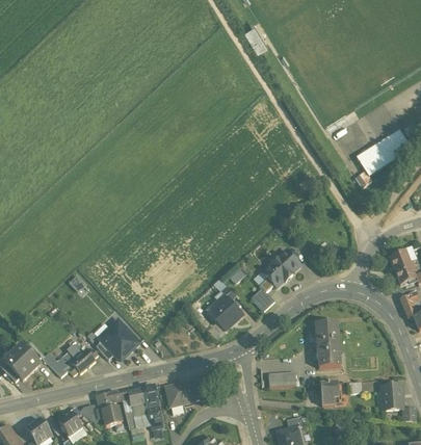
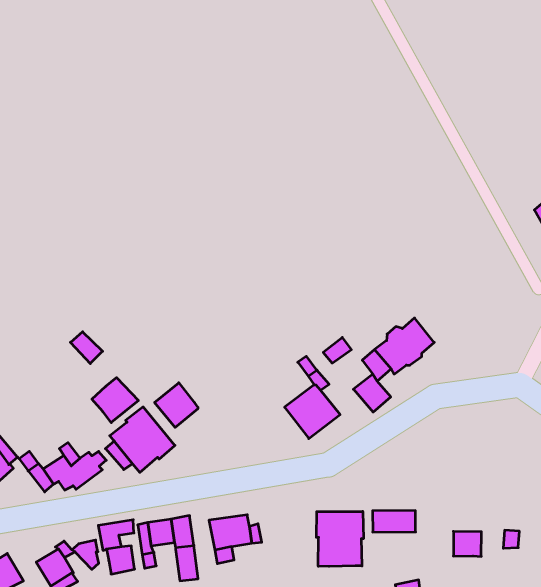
building: none -> [92,378,138,423]
building: none -> [155,383,198,427]
building: [316,321,340,367] -> none
building: none -> [316,511,363,566]

